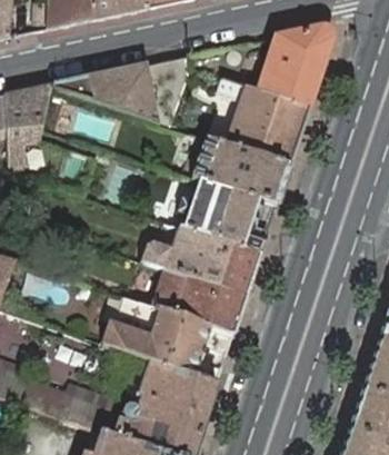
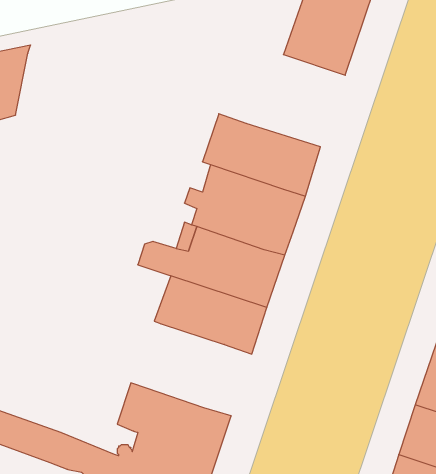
building: [51,63,158,123] -> none
building: [218,79,308,165] -> none
building: [101,296,232,383] -> none

